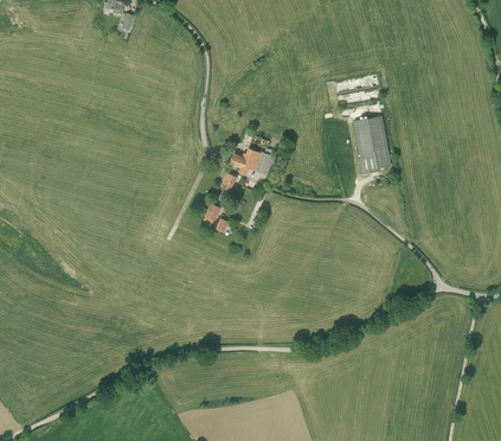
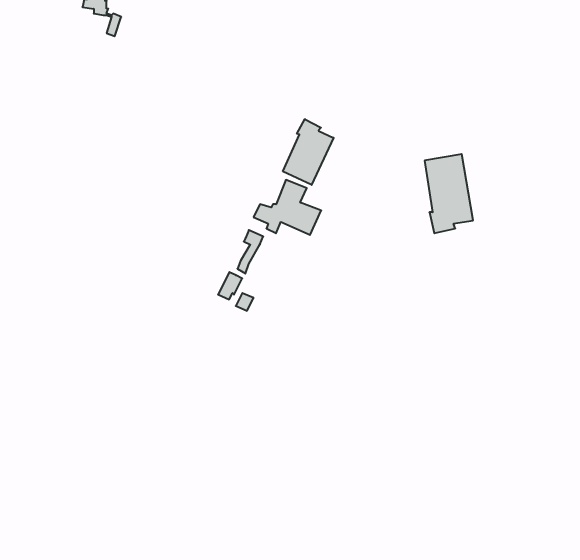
building: none -> [283,119,334,185]

